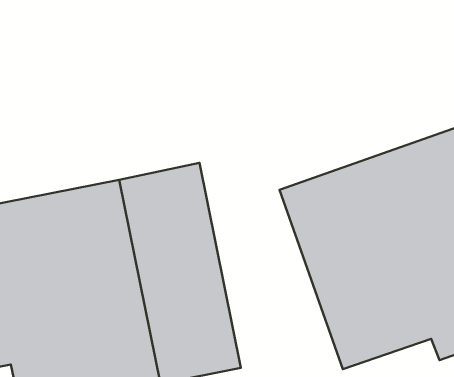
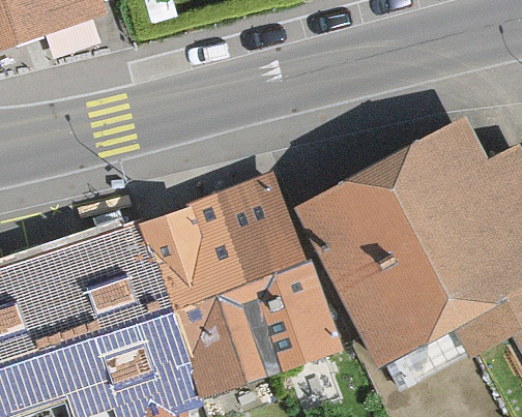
building: none -> [221,170,345,380]

